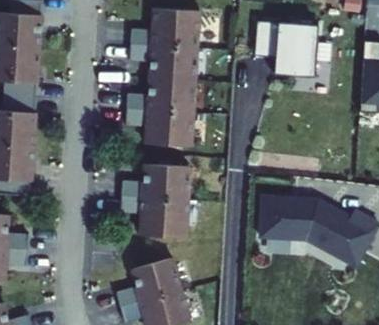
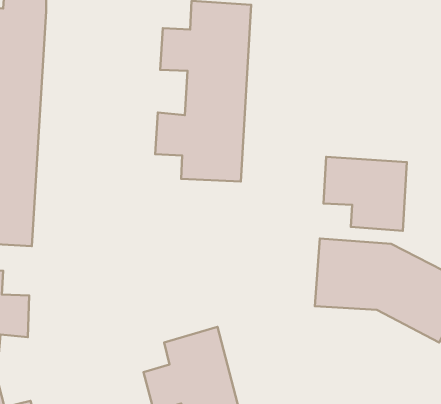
building: [254,17,318,74] -> [324,157,407,231]
building: [121,165,191,239] -> none

